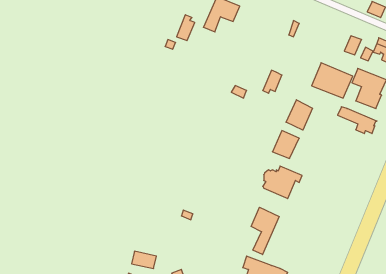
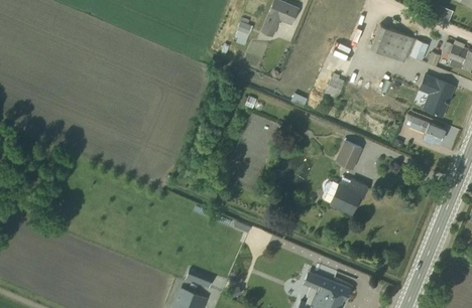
building: [312,63,353,98] -> [371,25,415,62]
building: [286,100,312,130] -> none
building: [251,207,279,255] -> none

